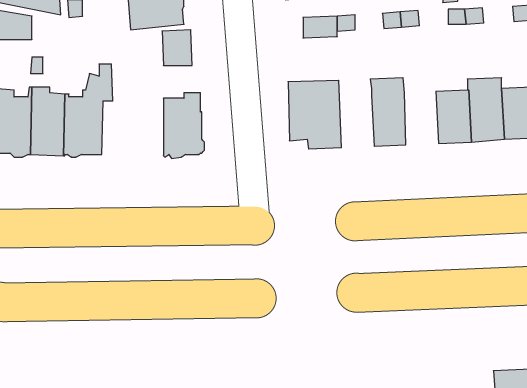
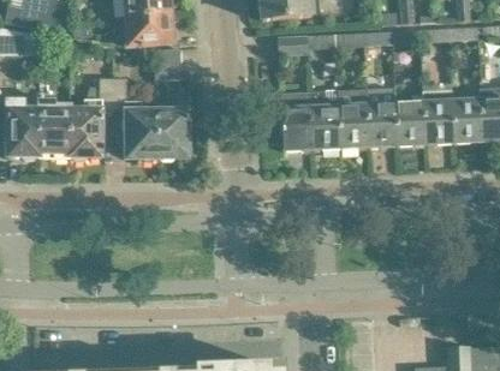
building: none -> [109,77,155,160]
building: none -> [309,90,340,150]
building: none -> [367,101,397,148]

